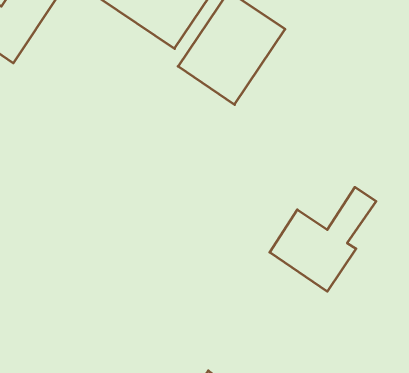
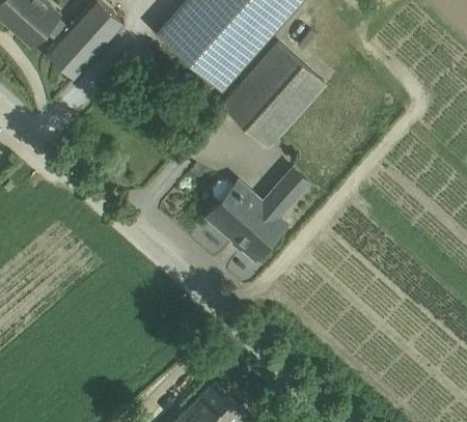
building: [270,187,376,291] -> [207,169,309,260]

